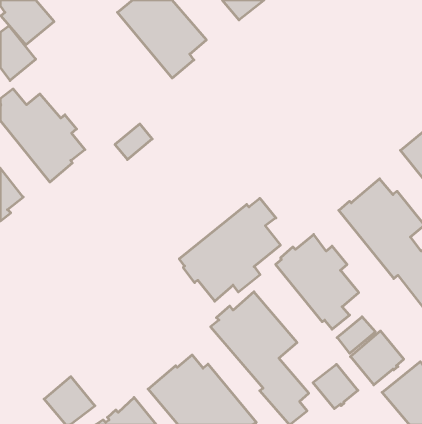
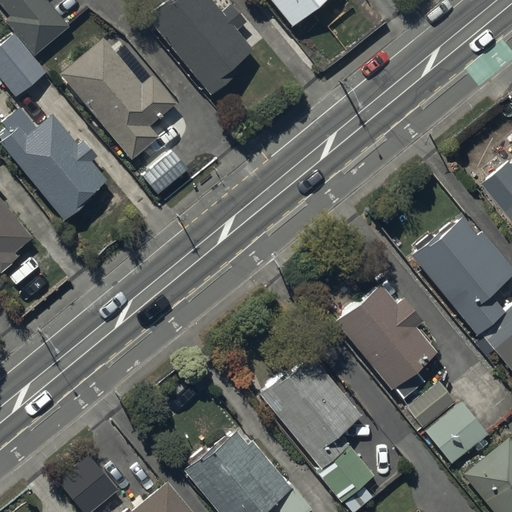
building: none -> [59,36,176,159]
building: [179,198,280,301] -> none
building: [313,364,358,409] -> none

